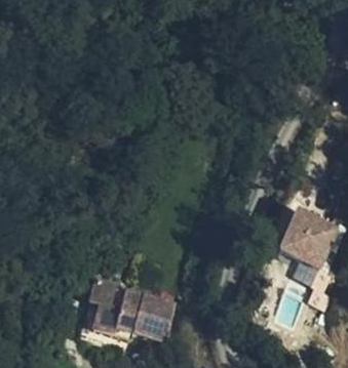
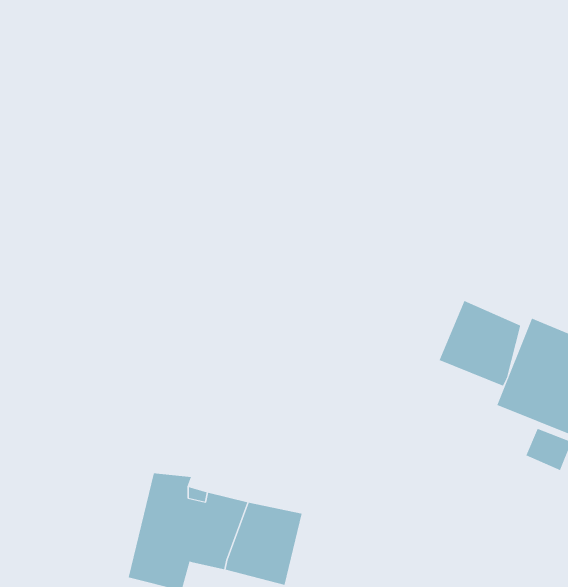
building: none -> [439,300,521,387]

